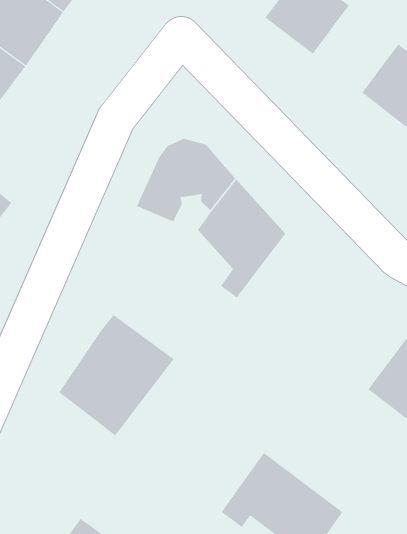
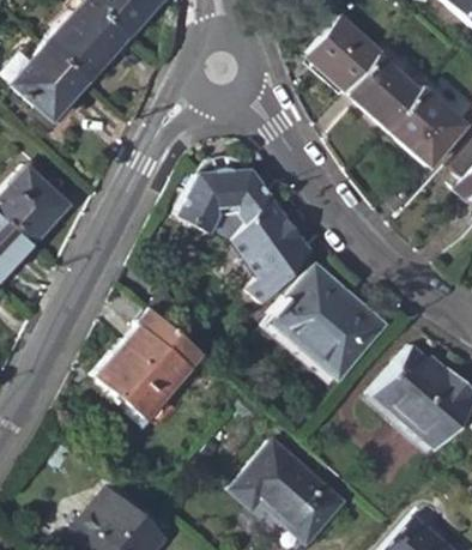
building: none -> [347,54,420,128]
building: none -> [267,266,379,376]

